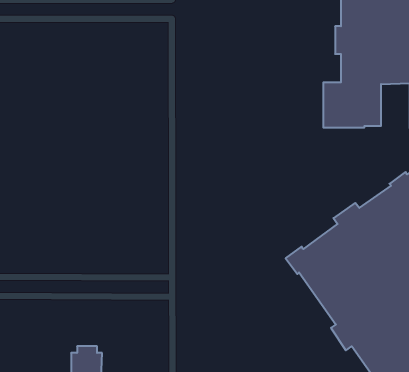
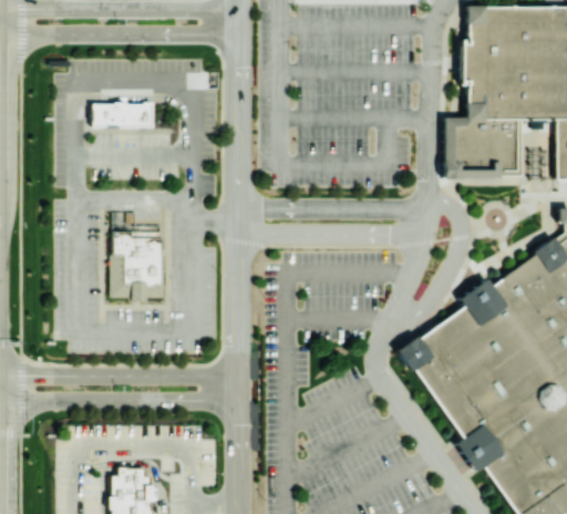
building: none -> [93,101,154,126]
building: none -> [113,212,166,298]

